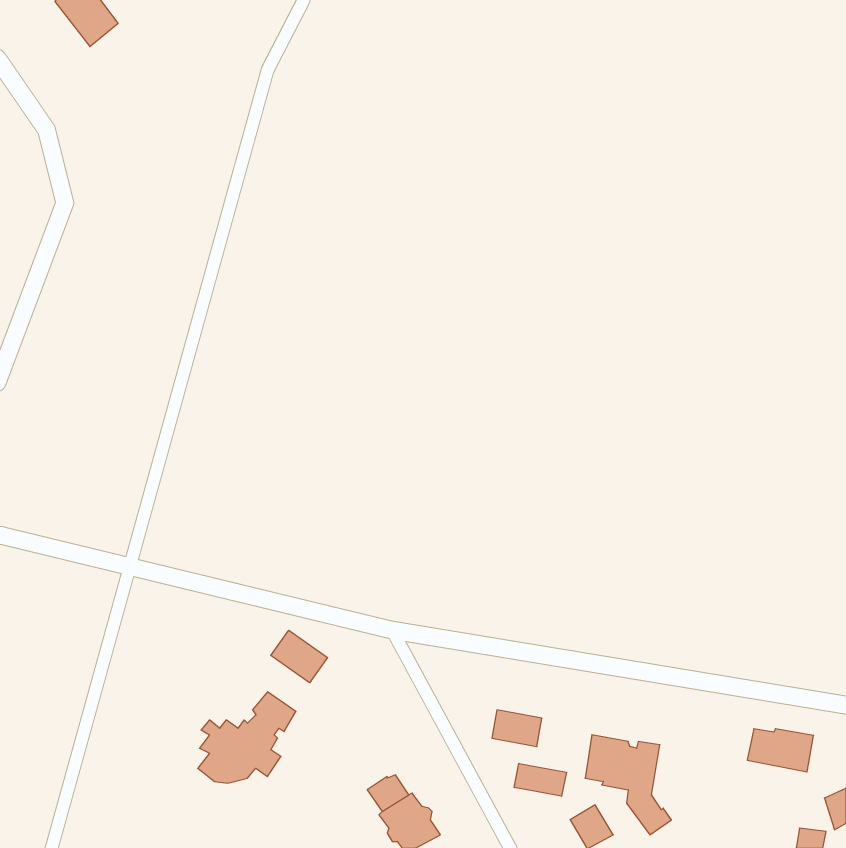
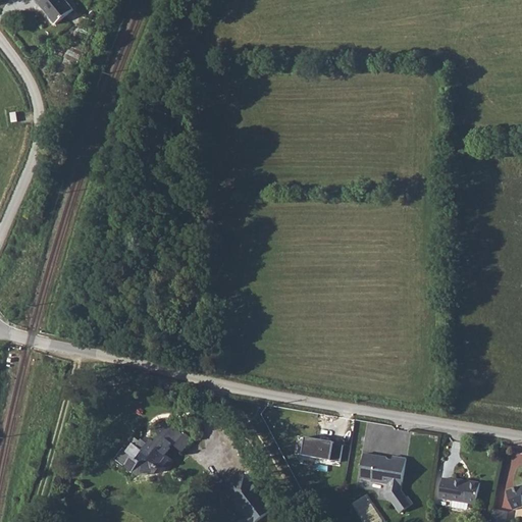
building: [271,630,328,683] -> none
building: [747,729,814,772] -> [438,477,479,504]
building: [514,763,566,796] -> none

